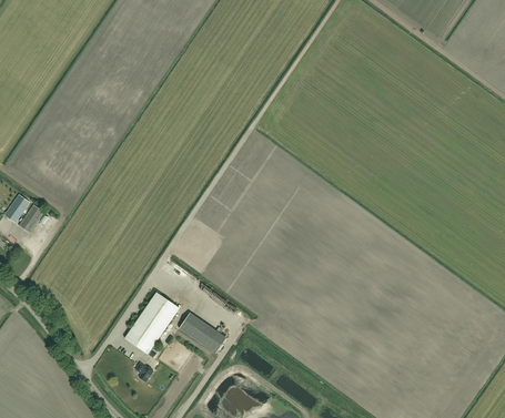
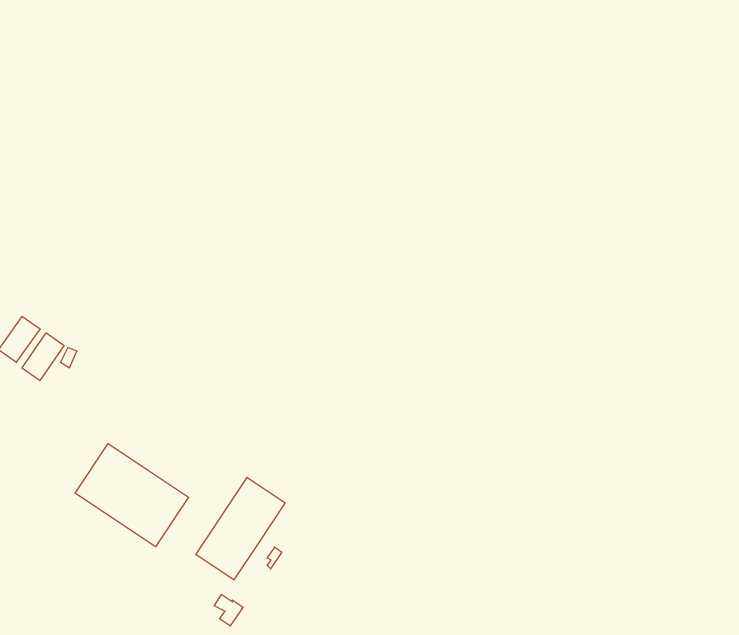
building: none -> [75,444,189,547]
building: [178,310,225,348] -> none

